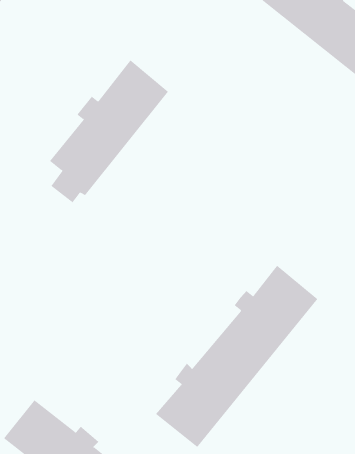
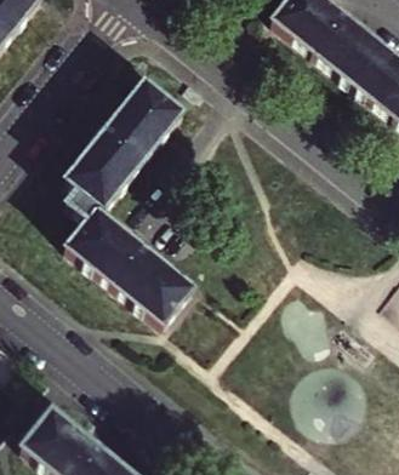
building: none -> [67,208,194,324]
building: [155,265,318,448] -> none

